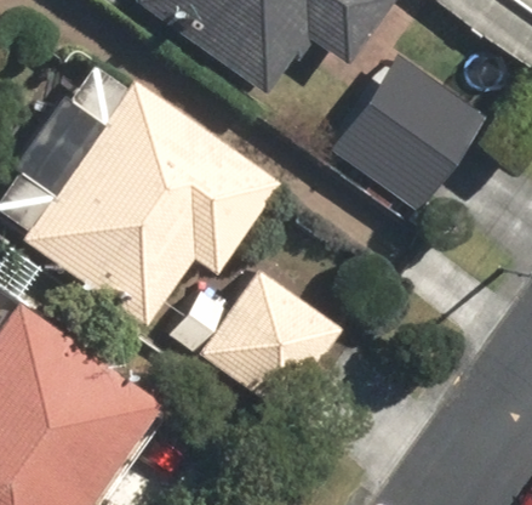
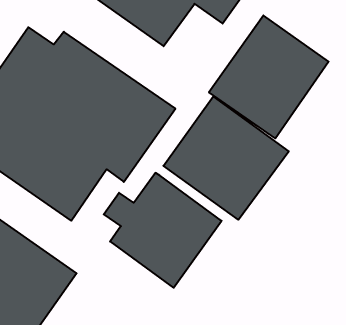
building: none -> [163,97,289,220]

